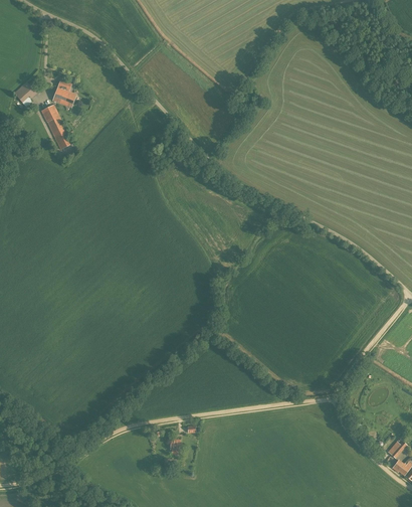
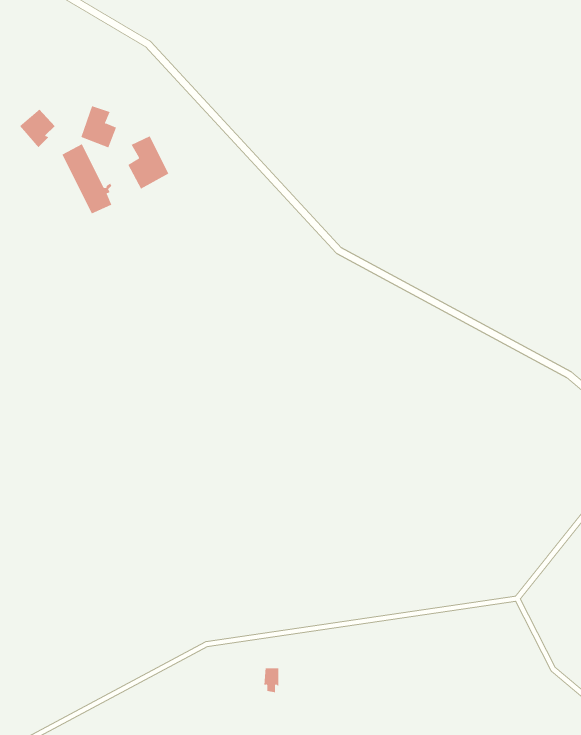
building: none -> [128,135,169,189]

